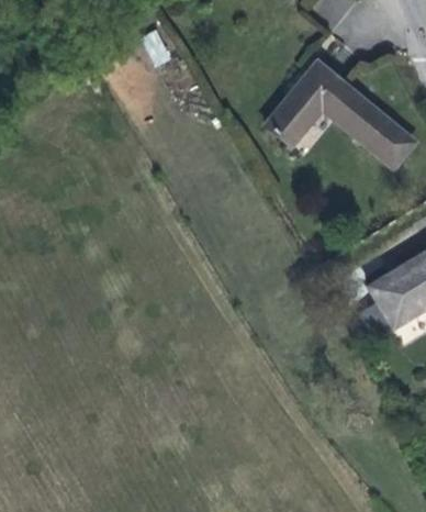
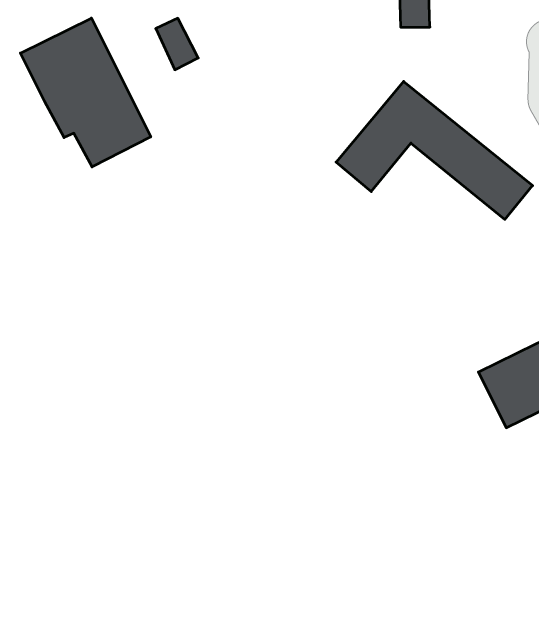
building: none -> [20,18,151,167]

